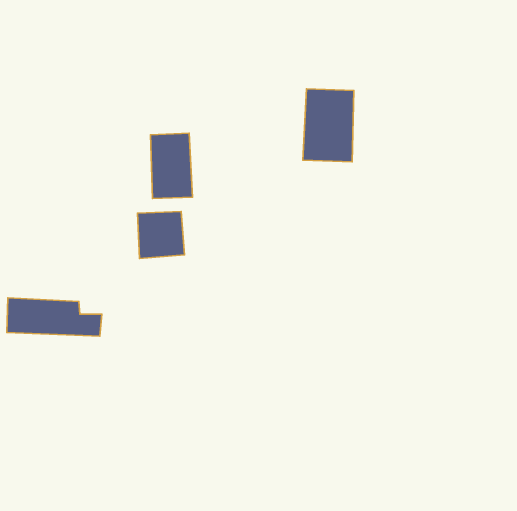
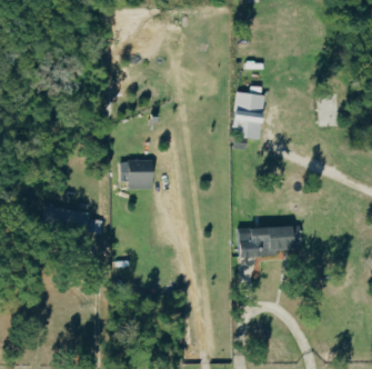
building: [150,133,193,199] -> none
building: none -> [238,226,302,257]

